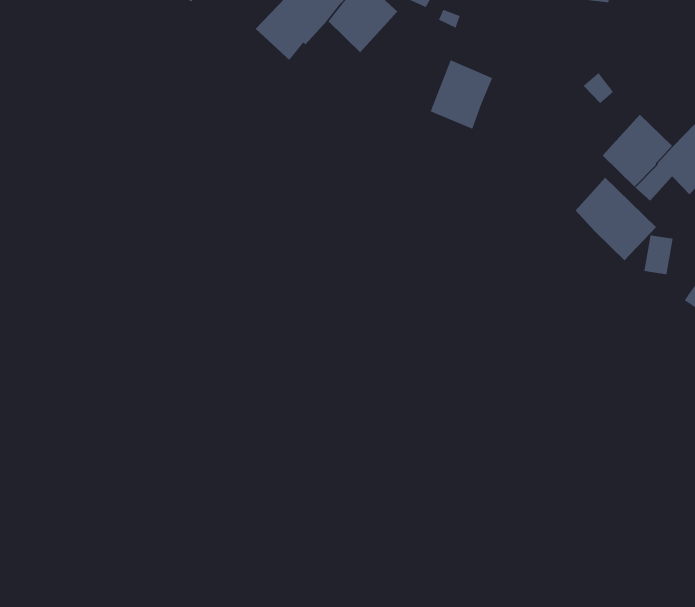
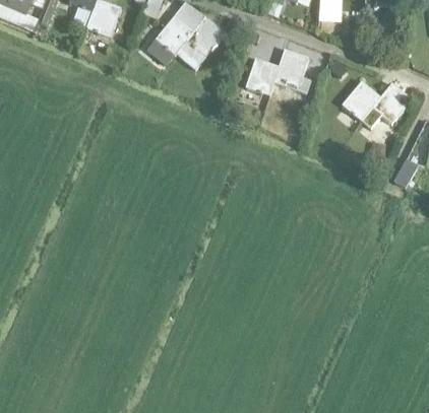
building: none -> [274,48,309,88]
building: [575,177,657,261] -> none

